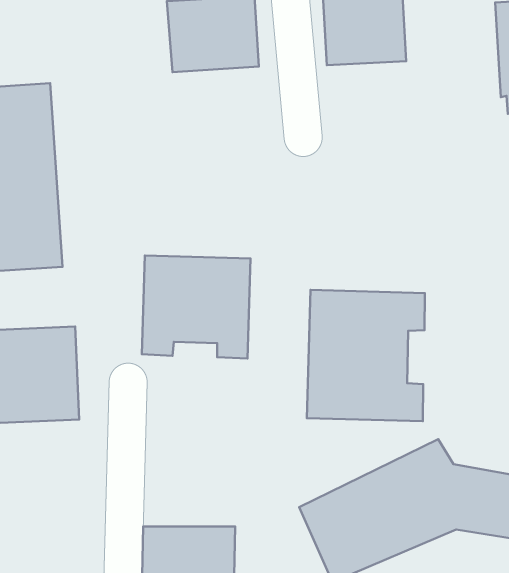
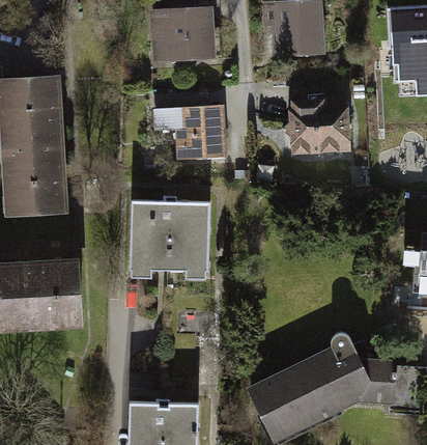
building: none -> [287,95,349,154]
building: none -> [171,104,227,163]
building: [307,290,425,421] -> none

